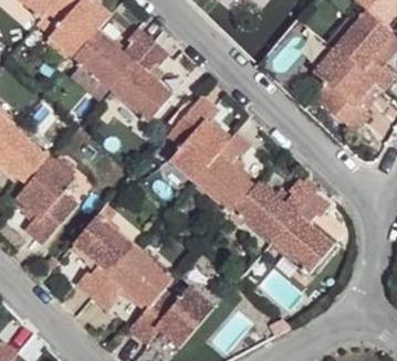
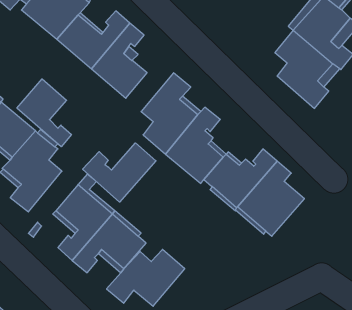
building: none -> [17,79,71,147]
building: none -> [83,143,156,202]

